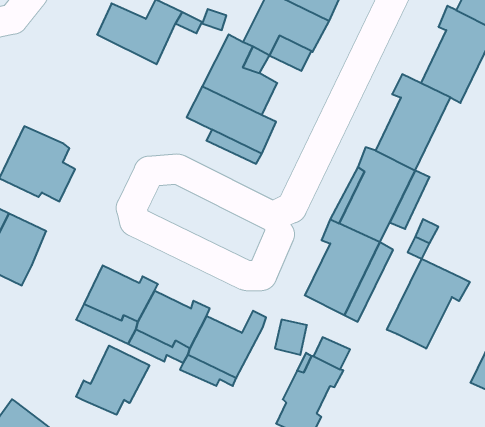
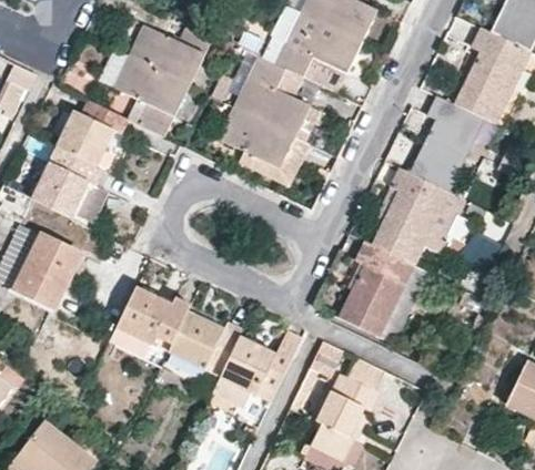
building: none -> [115,54,190,135]
building: none -> [57,100,128,164]
building: [387,259,470,349] -> none
building: [76,346,149,415] -> none

